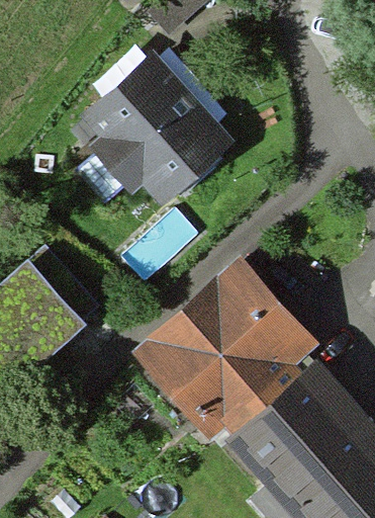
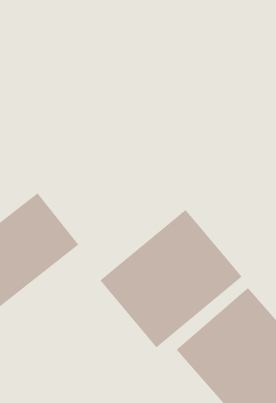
building: [77,50,232,207] -> none

